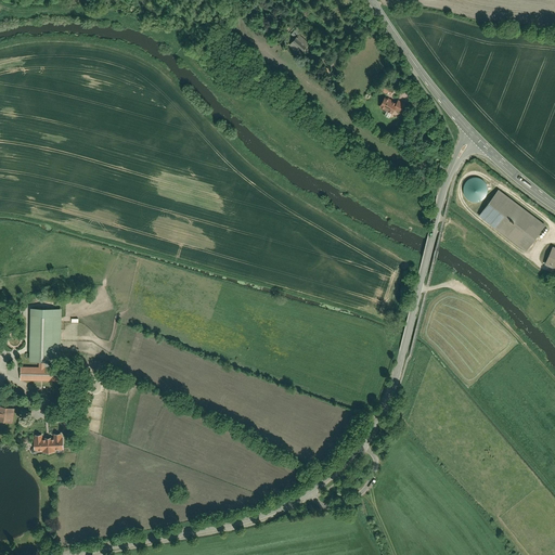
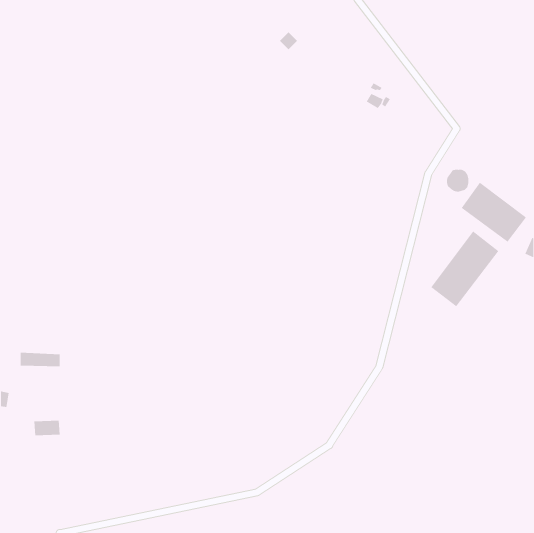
building: none -> [430,230,499,307]
building: [28,308,61,362] -> none

